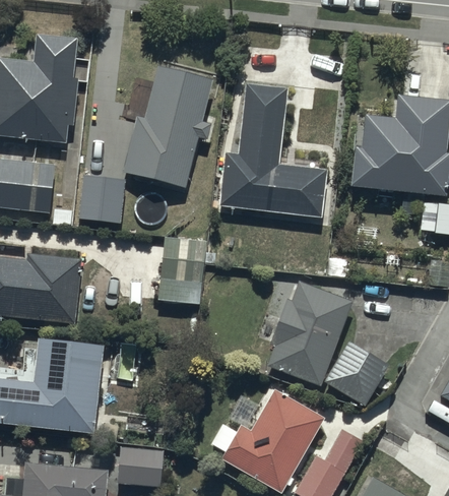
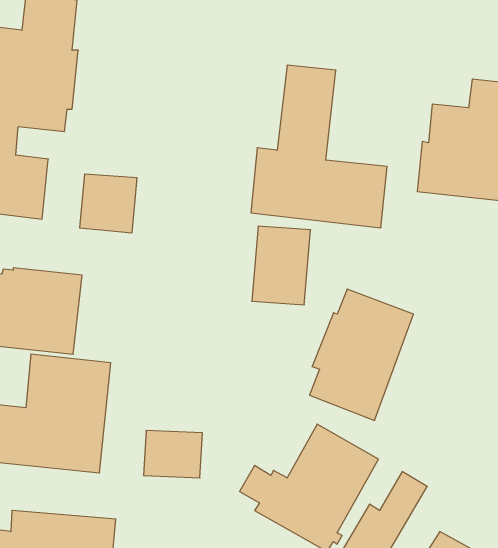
building: [123,69,216,196] -> none
building: [158,246,206,310] -> [252,226,311,305]
building: [323,337,388,404] -> none
building: [117,443,165,482] -> [144,430,202,478]

